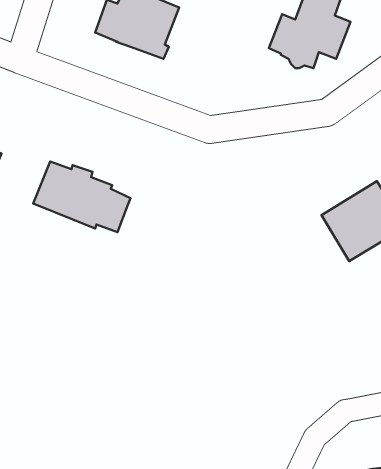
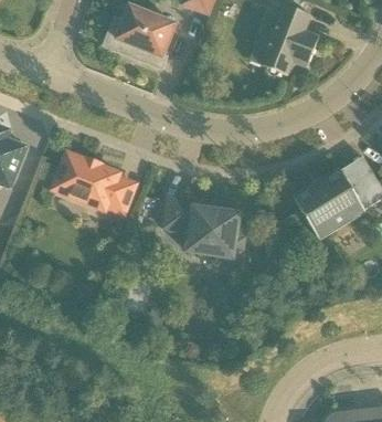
building: none -> [162,193,244,259]

